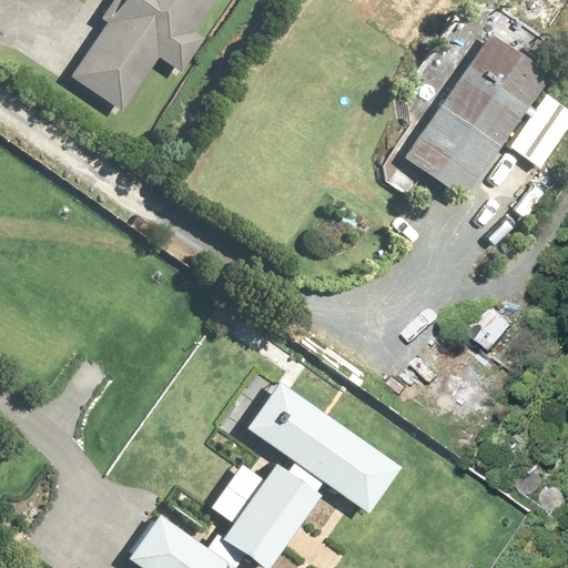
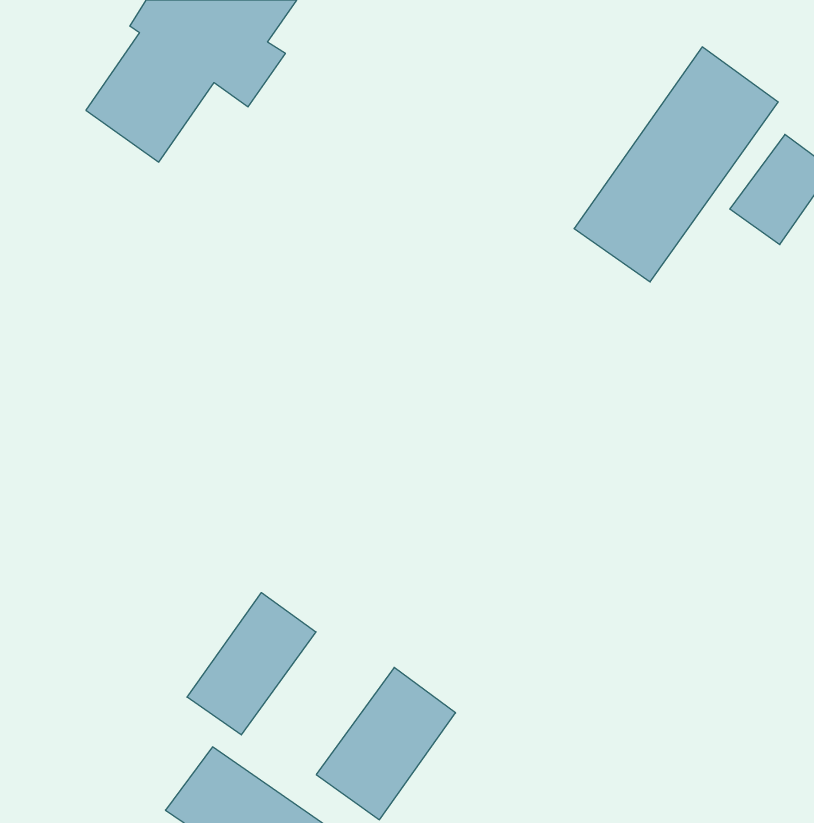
building: [252,377,403,507] -> none
building: none -> [187,593,316,735]

